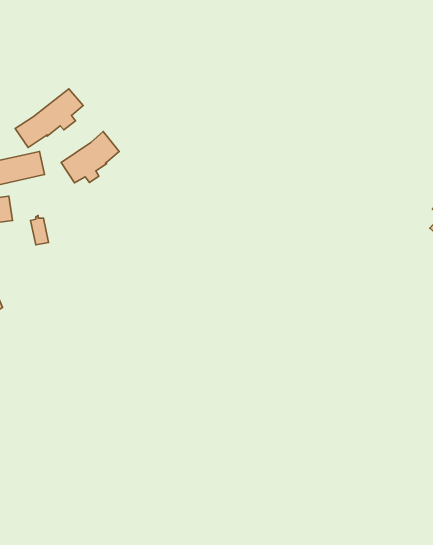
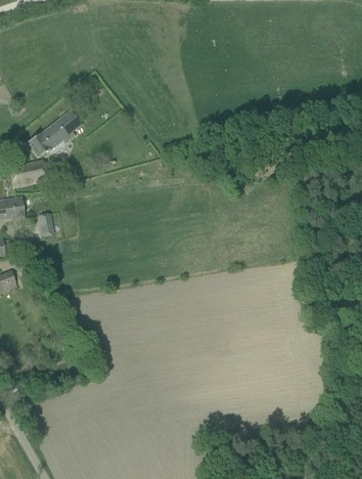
building: [61,131,119,183] -> none

